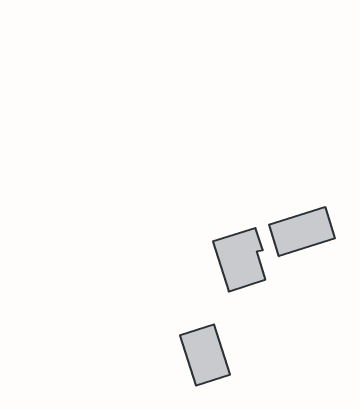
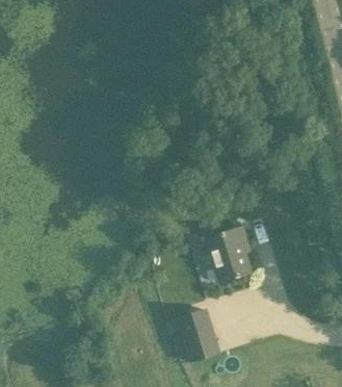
building: [269,207,335,256] -> none

